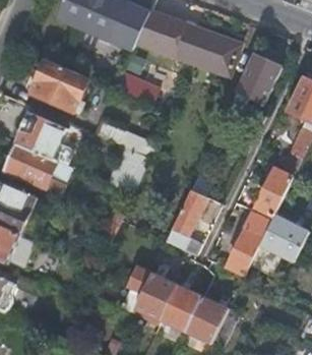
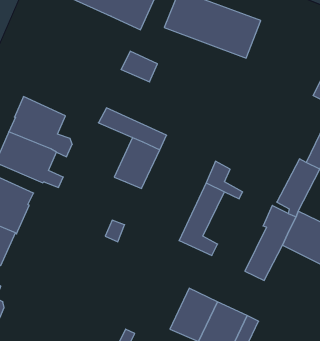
building: [234,48,285,104] -> none
building: [32,61,86,110] -> none
building: [122,272,176,319] -> none

